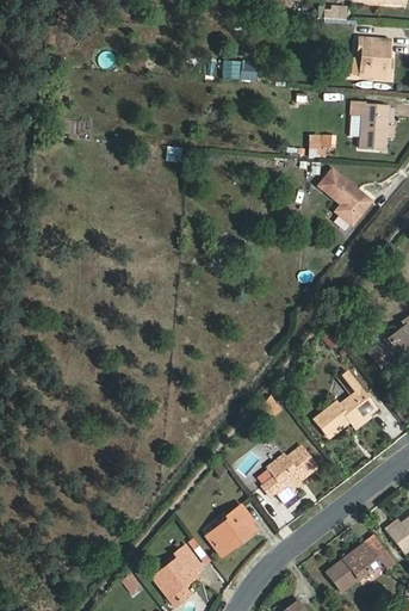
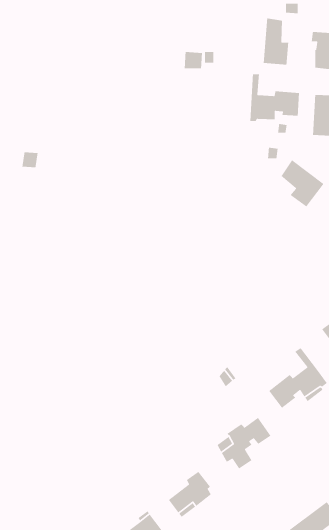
building: none -> [263,18,289,65]
building: none -> [250,73,300,122]

